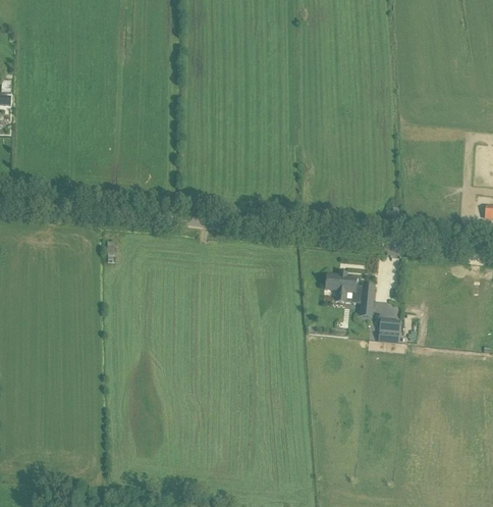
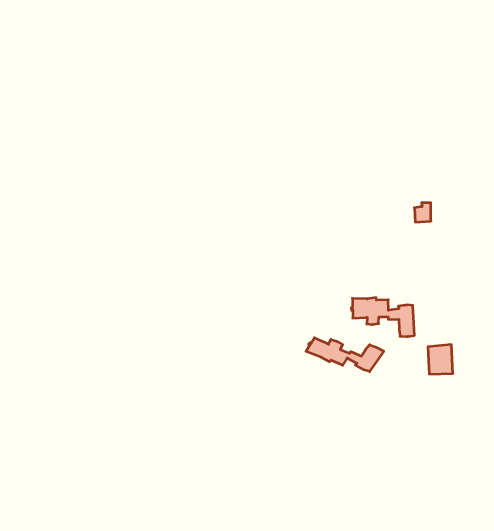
building: none -> [306,338,384,372]

